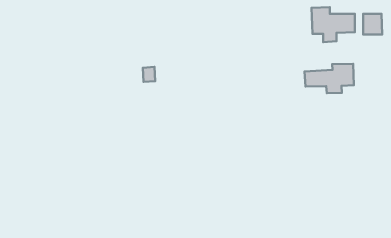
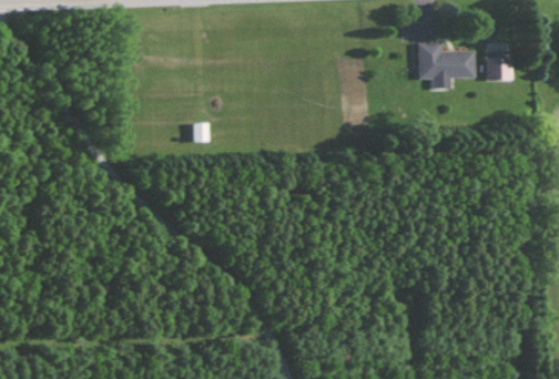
building: [304,64,354,93] -> none

